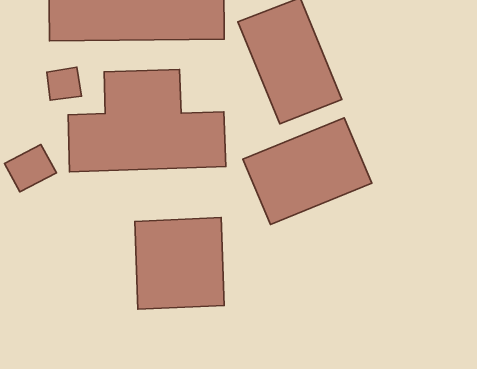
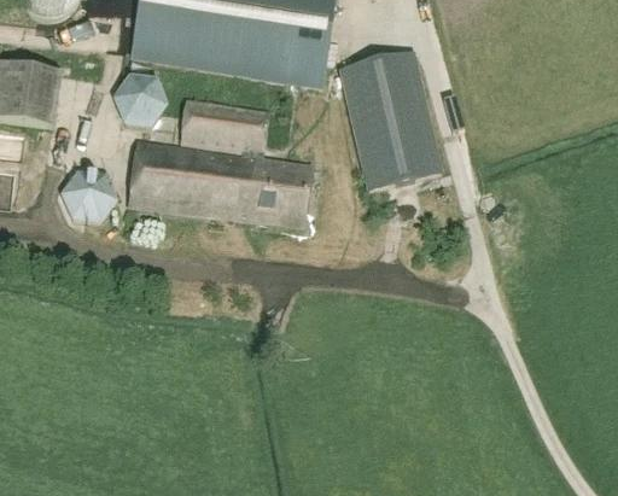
building: [243,118,372,224] -> none
building: [135,218,224,309] -> none

